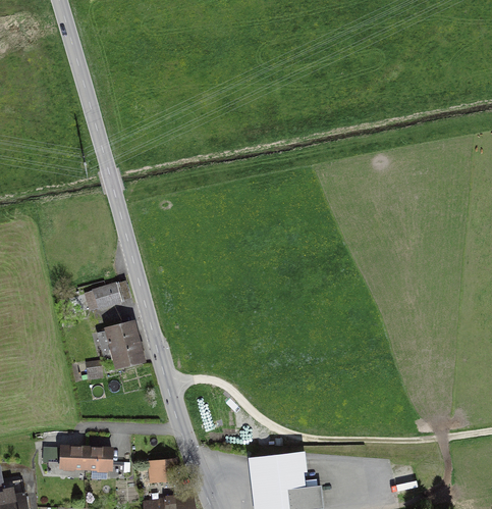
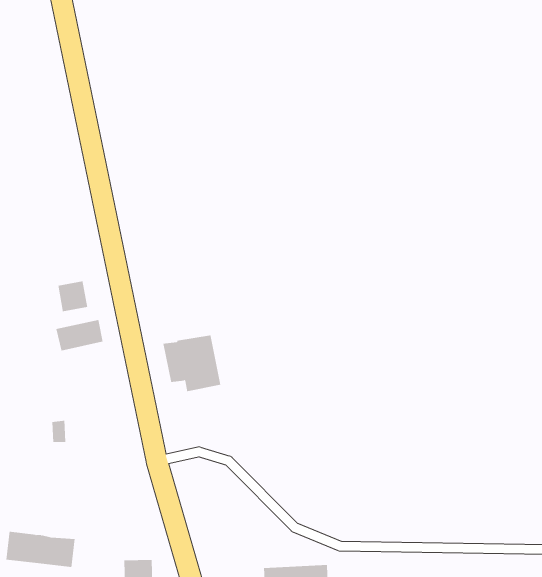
building: none -> [58,281,88,312]
building: [96,323,142,367] -> [163,335,221,392]

